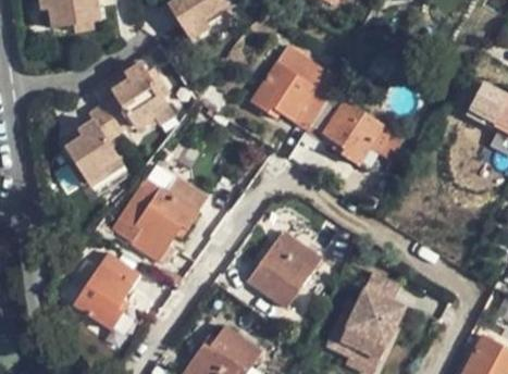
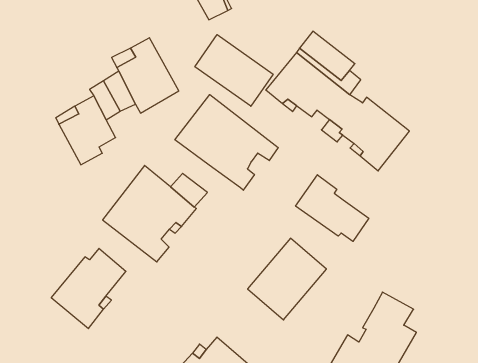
building: none -> [195,35,273,106]
building: none -> [175,95,278,190]
building: none -> [296,175,369,241]

